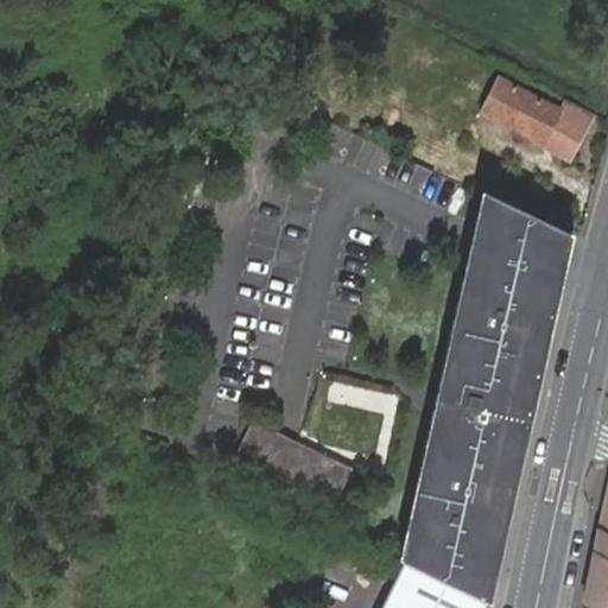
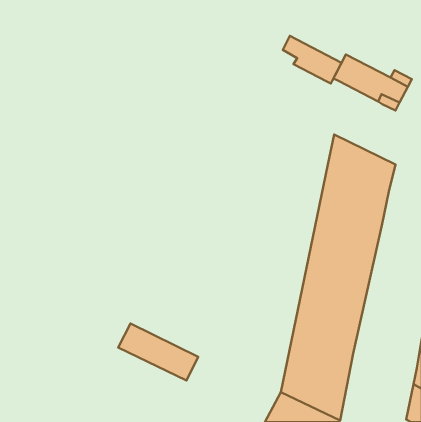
building: none -> [283,36,342,84]
building: [235,423,350,505] -> [118,324,198,381]

